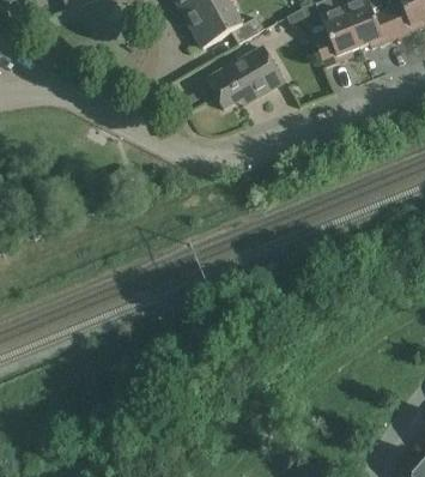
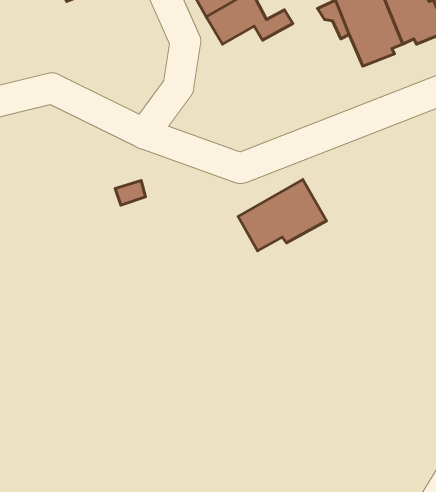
building: [206,43,283,105] -> [238,179,326,251]

